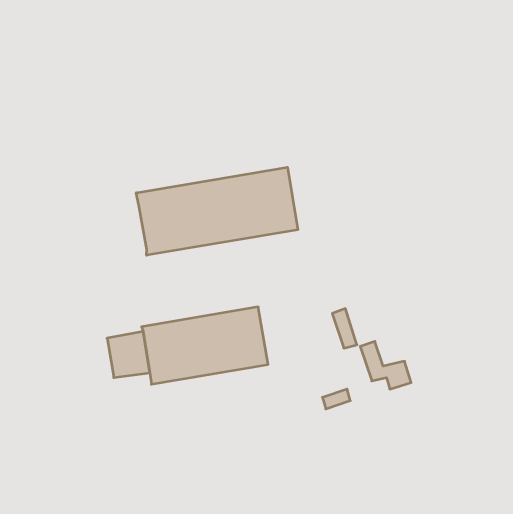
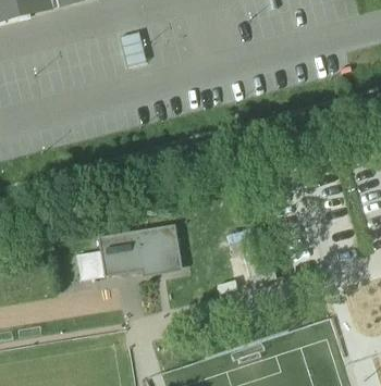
building: [136,167,298,255] -> none

